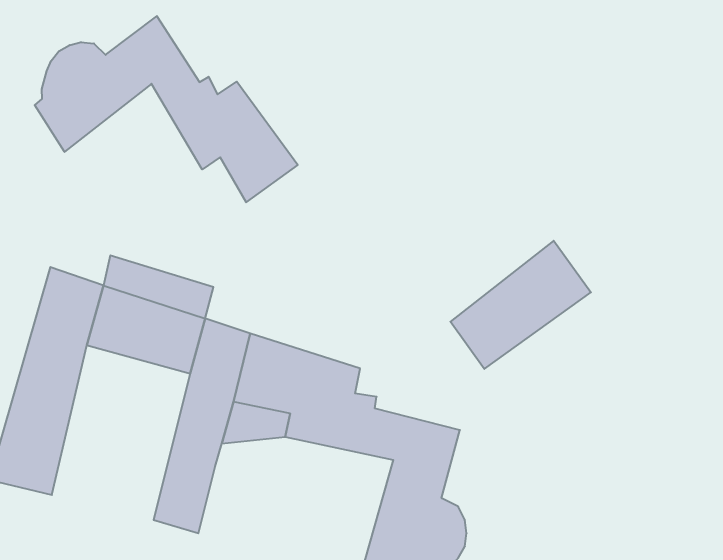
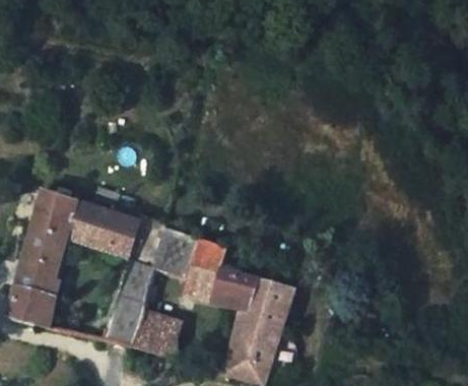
building: [35,16,298,202] -> none
building: [450,241,591,369] -> none
building: none -> [132,309,182,362]

